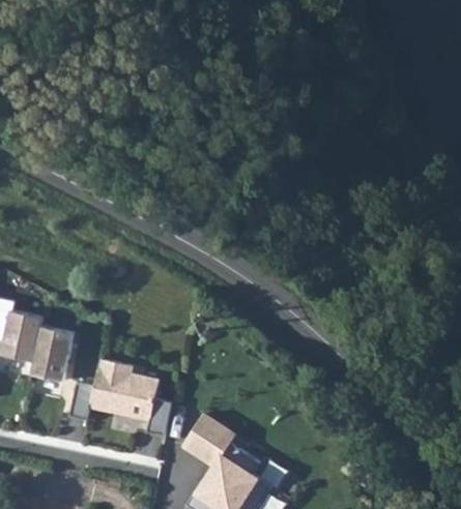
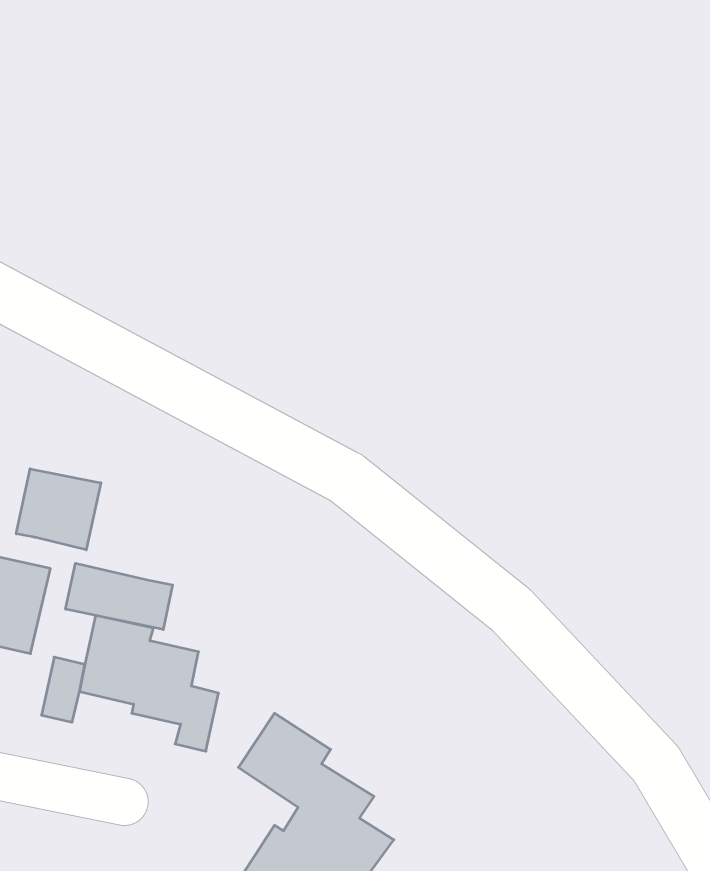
building: none -> [16,469,101,550]
building: none -> [66,563,173,630]

